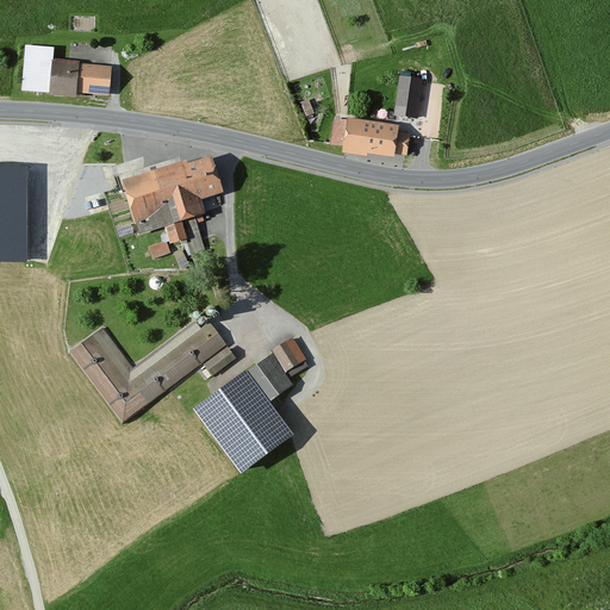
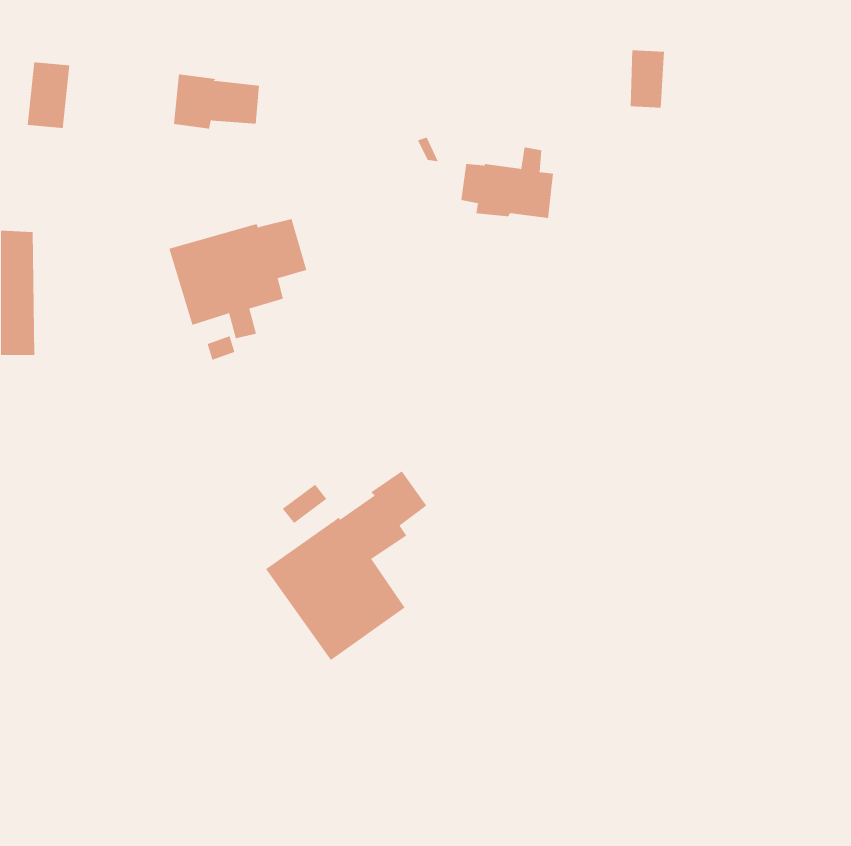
building: [48,57,110,97] -> [173,74,260,129]
building: [398,68,423,110] -> [630,50,665,108]
building: [68,319,225,421] -> none

